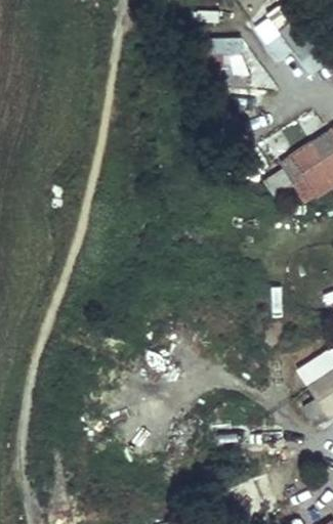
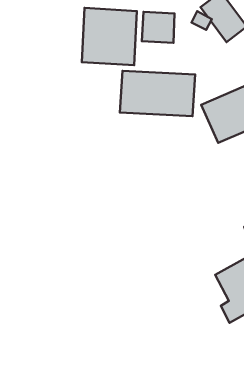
building: none -> [82,8,137,65]
building: none -> [120,71,195,116]

